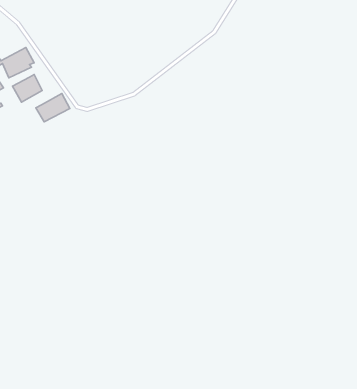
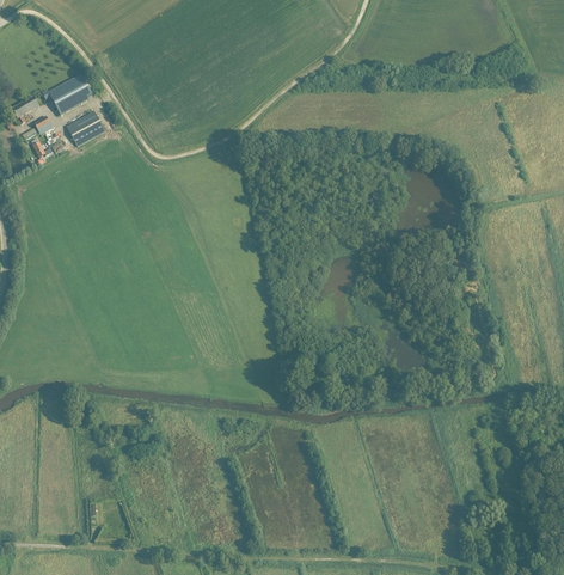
building: [36,94,70,122] -> none

